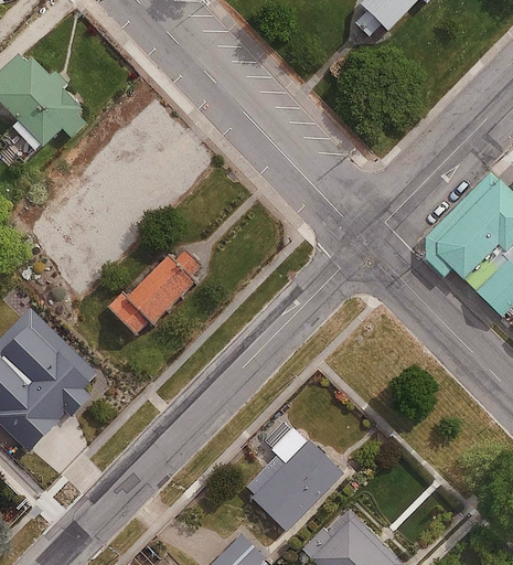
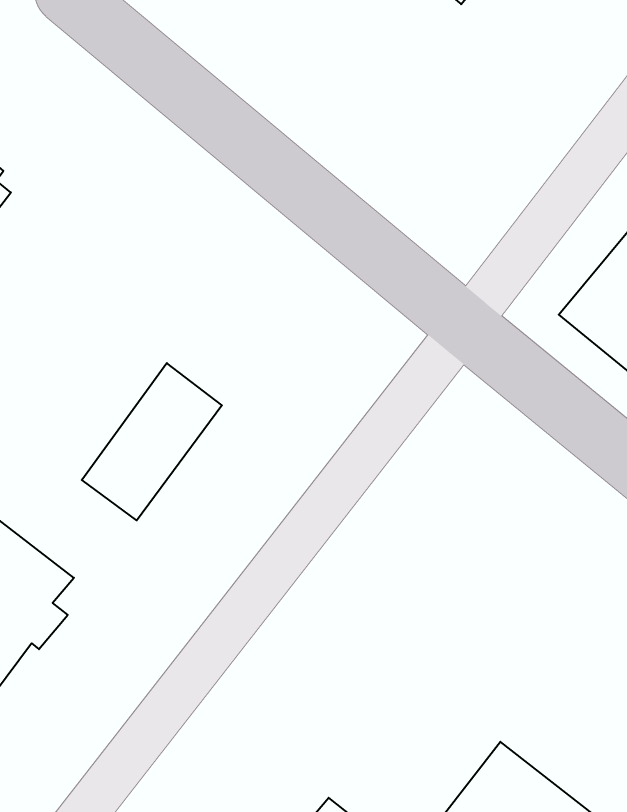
building: [253,438,342,529] -> none

